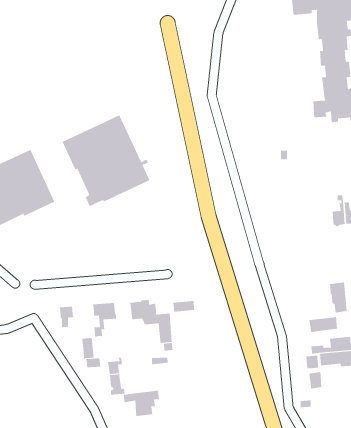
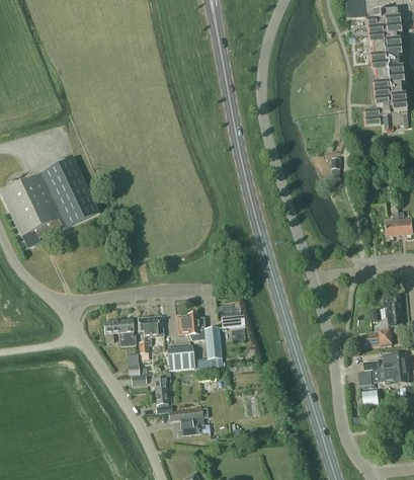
building: [62,115,150,207] -> none
building: none -> [117,318,136,346]
building: none -> [167,347,193,370]

